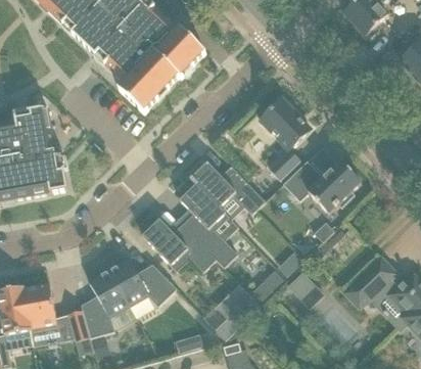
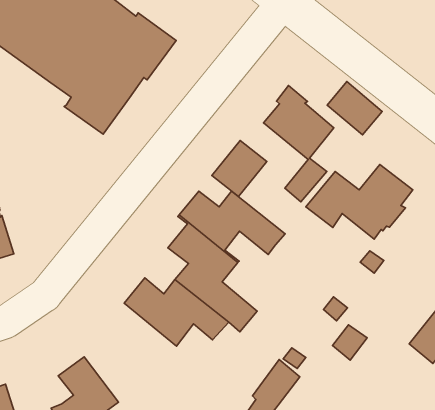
building: none -> [327,82,382,135]
building: none -> [212,140,267,197]
building: [108,258,176,306] -> none

